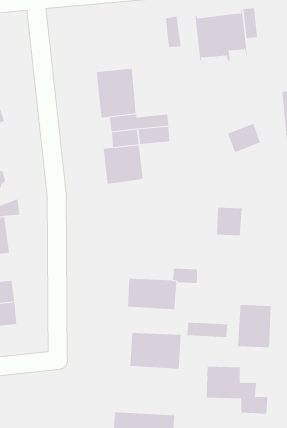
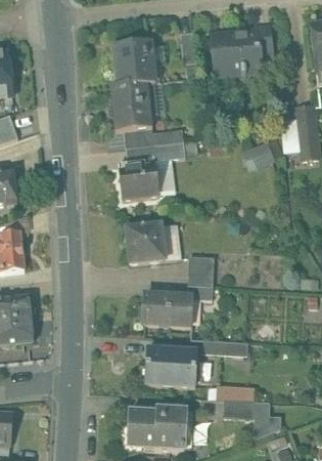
building: none -> [113,45,155,87]
building: [216,207,243,236] -> [188,257,215,286]
building: none -> [127,226,164,264]
building: [238,304,271,348] -> none
building: none -> [128,410,190,432]

